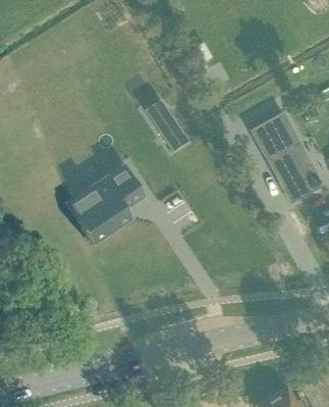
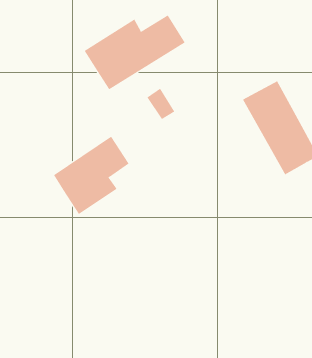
building: none -> [84,15,186,90]

